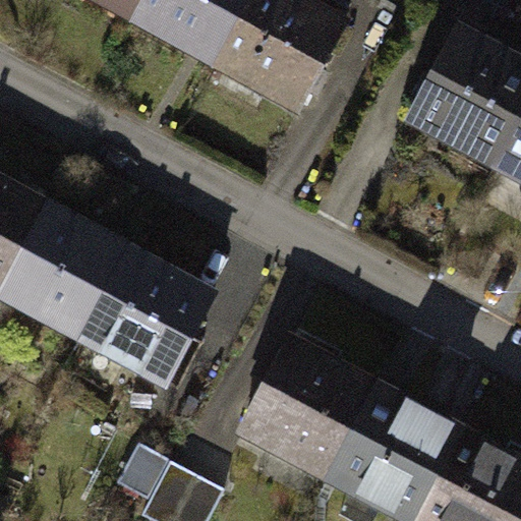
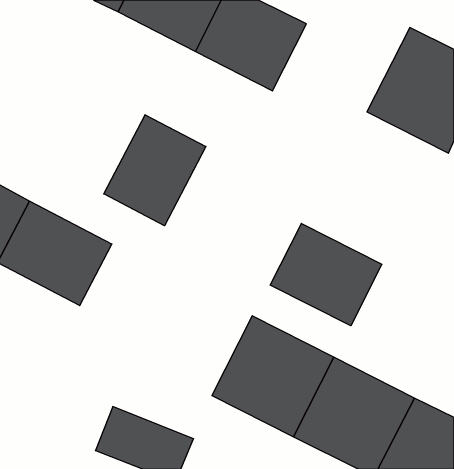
building: none -> [104,115,206,226]
building: none -> [270,223,382,326]
building: [89,271,216,387] -> none

